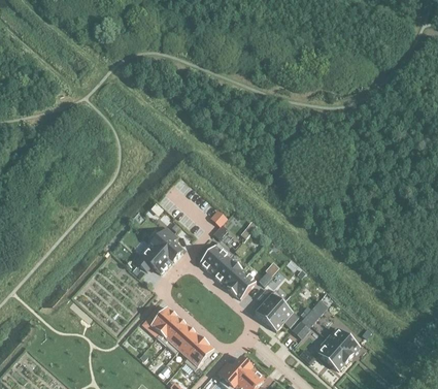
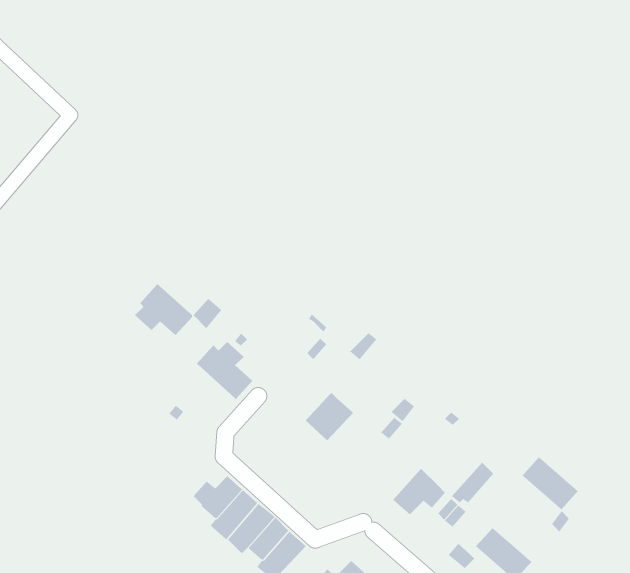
building: [136,242,171,274] -> [134,283,193,336]
building: [200,242,233,275] -> none
building: [227,270,257,300] -> none
building: [256,290,287,323] -> none
building: [326,328,360,360] -> [522,457,579,510]

